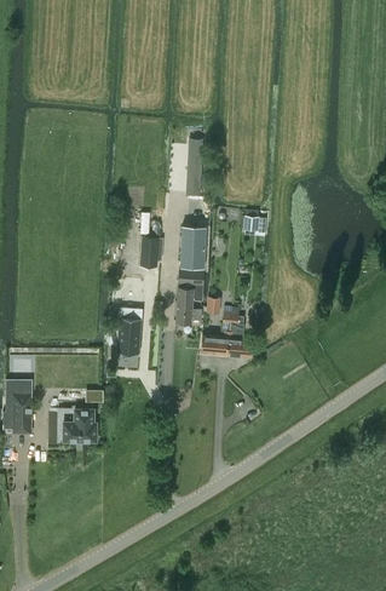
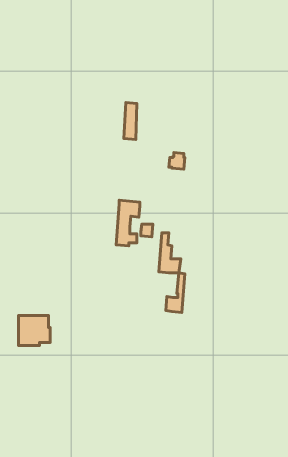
building: [180,225,206,268] -> none
building: [208,308,231,356] -> [166,273,185,313]
building: [116,319,140,354] -> none

